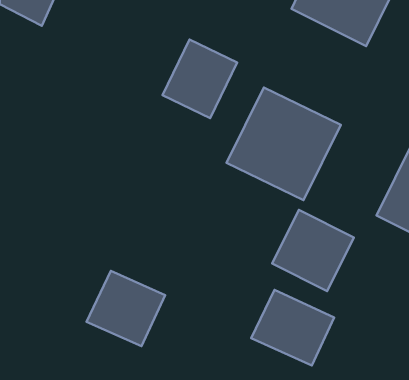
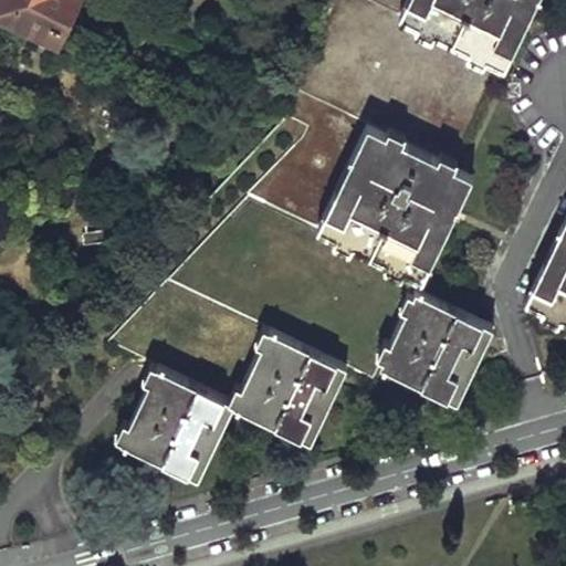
building: [162,39,237,118] -> none
building: none -> [233,336,346,447]
building: [251,290,334,365] -> none

